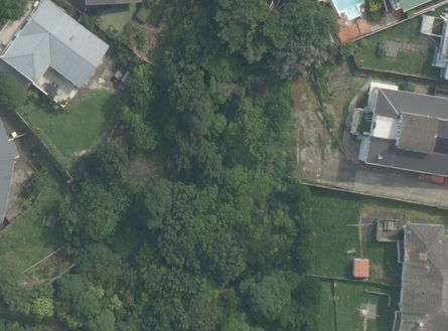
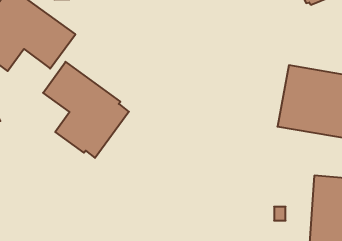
building: none -> [43,62,129,158]

